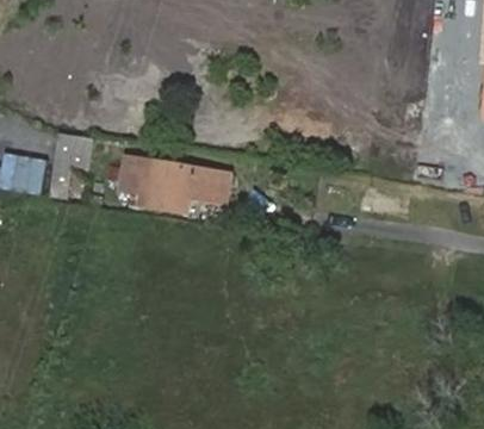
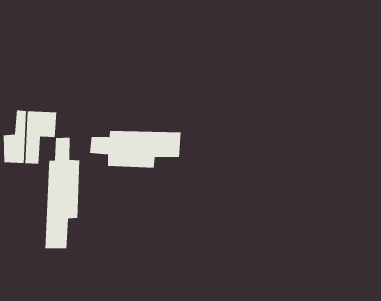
building: none -> [45,137,80,249]

